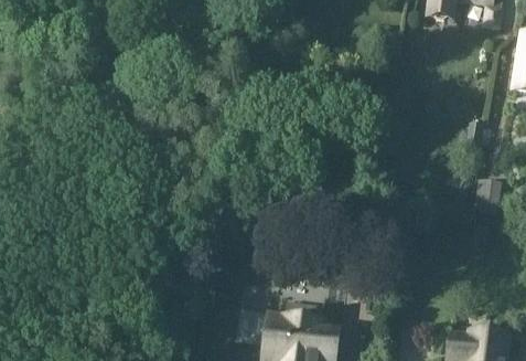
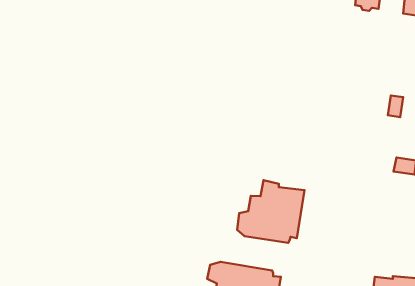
building: none -> [237,180,304,243]

